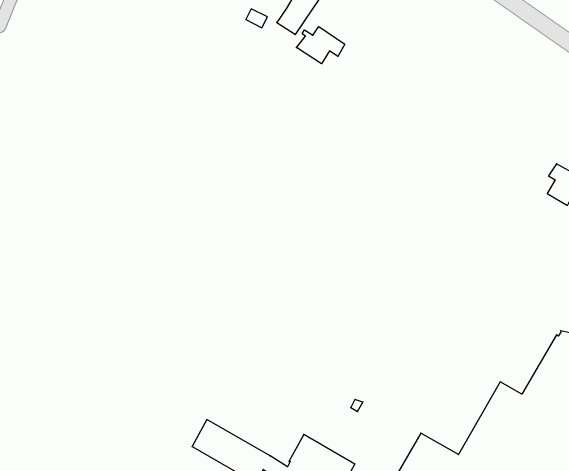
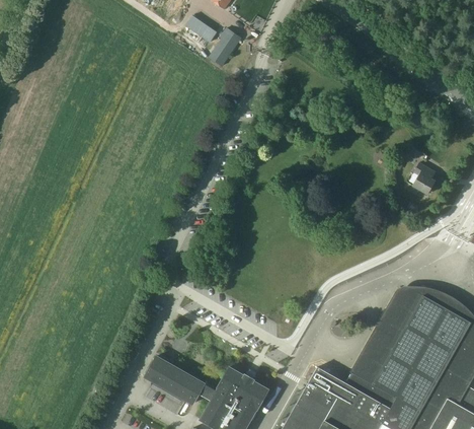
building: [296,27,345,64] -> none

